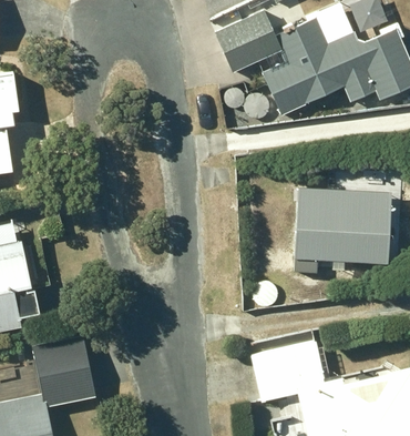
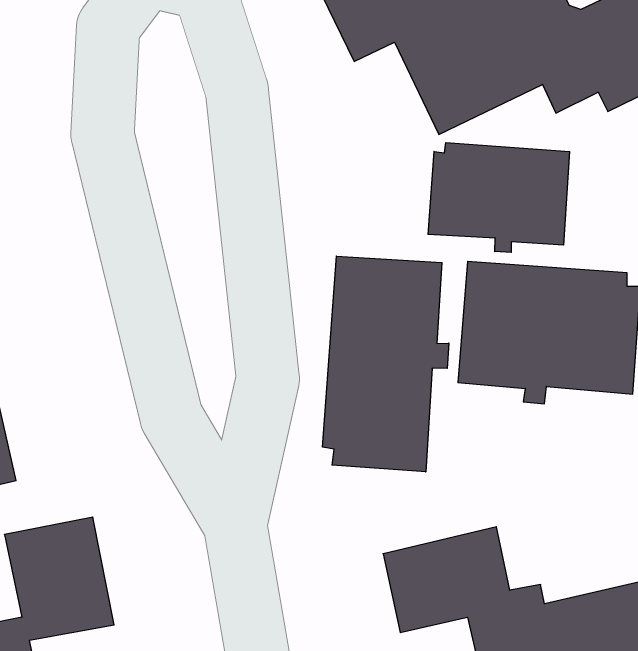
building: none -> [428,143,570,252]
building: none -> [323,256,449,472]

